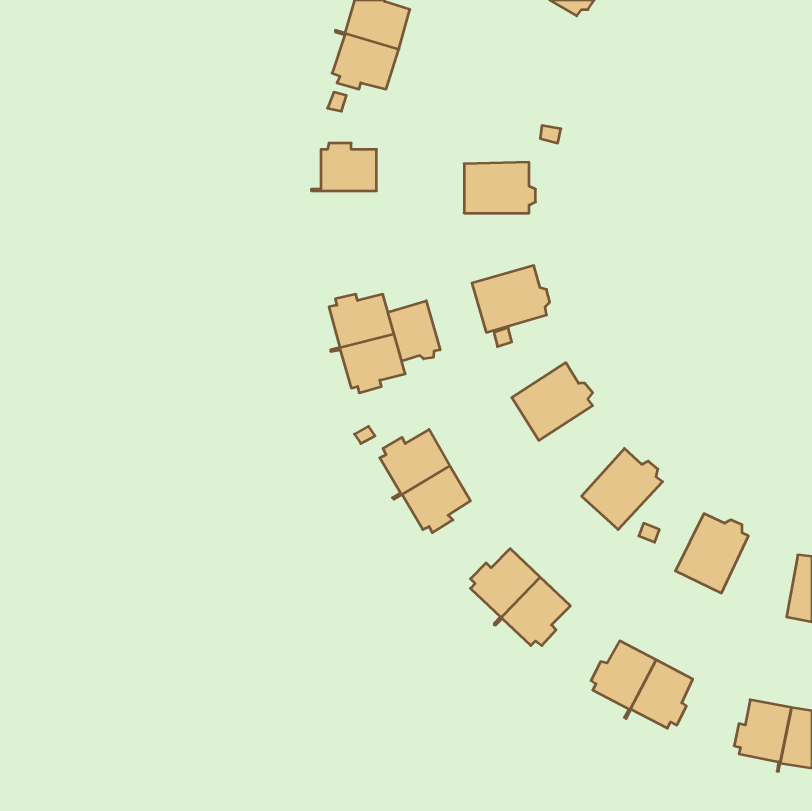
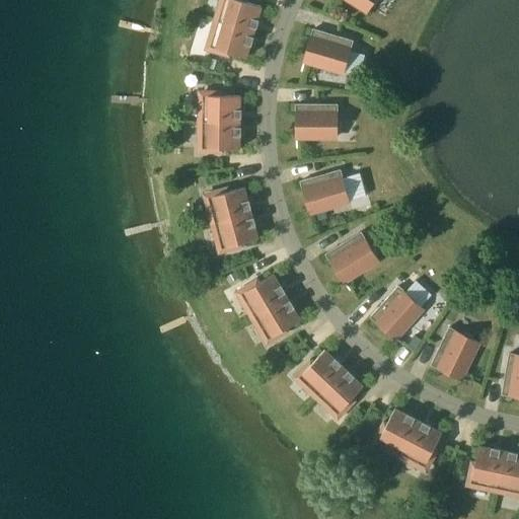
building: none -> [304,30,353,72]
building: none -> [204,123,240,154]
building: [388,301,440,361] -> none

